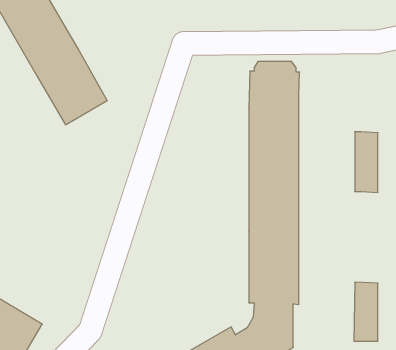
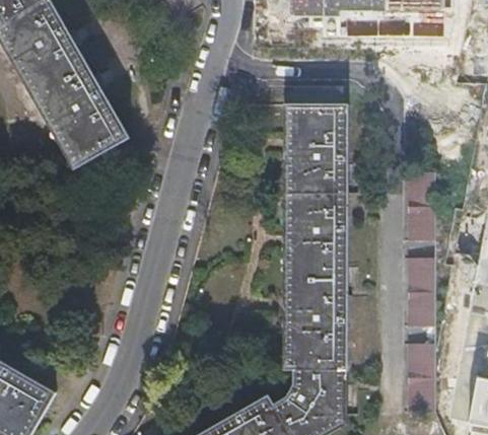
building: none -> [409,261,435,329]

